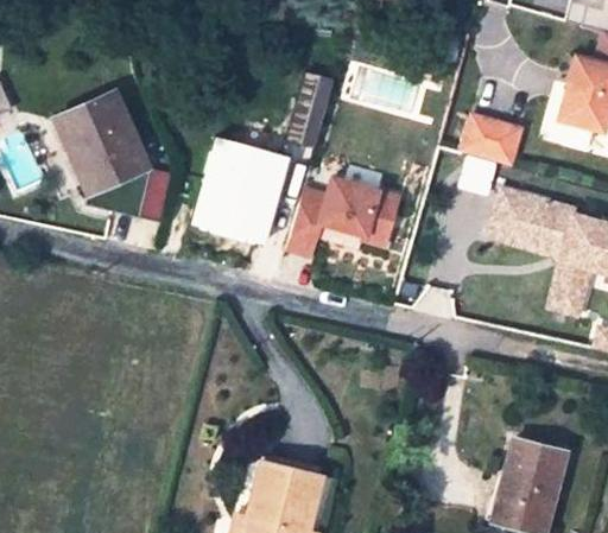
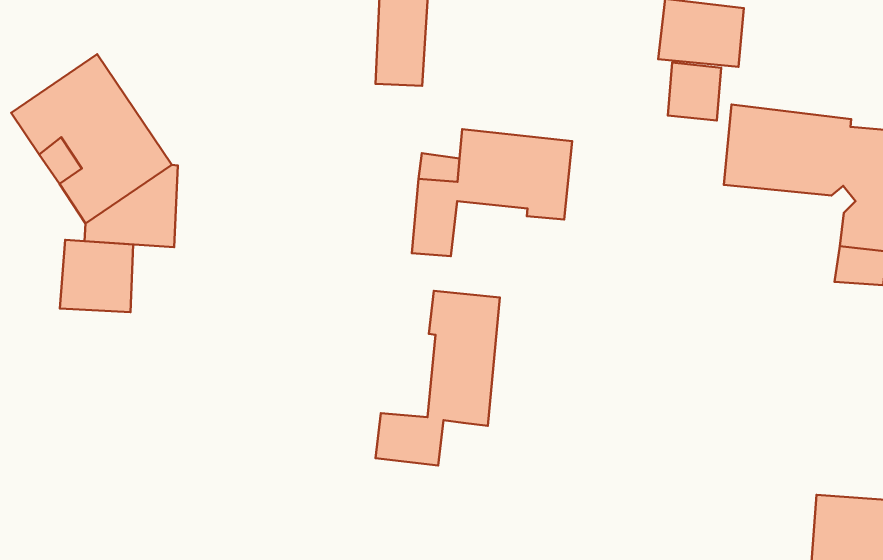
building: [195,137,286,241] -> none
building: none -> [60,240,133,312]
building: none -> [375,291,500,466]

